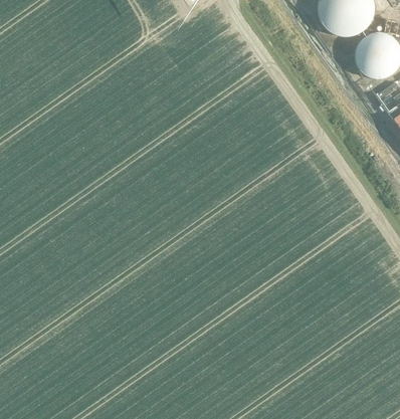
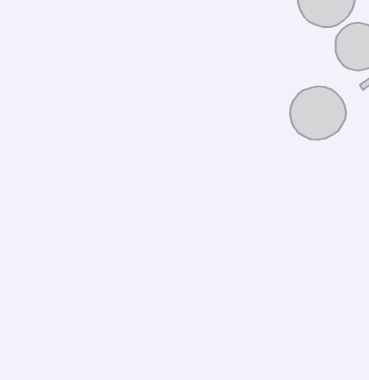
building: none -> [290,86,346,140]

